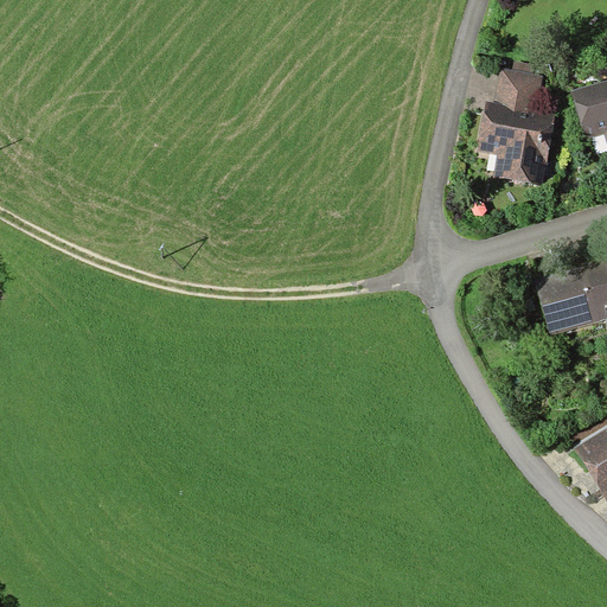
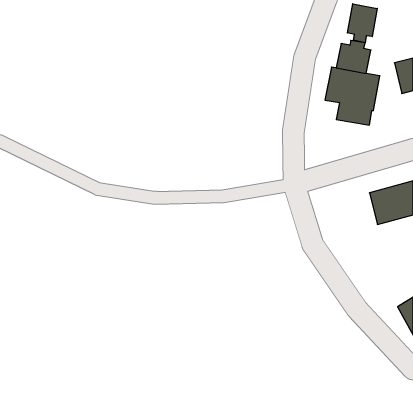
building: none -> [347,4,377,43]

